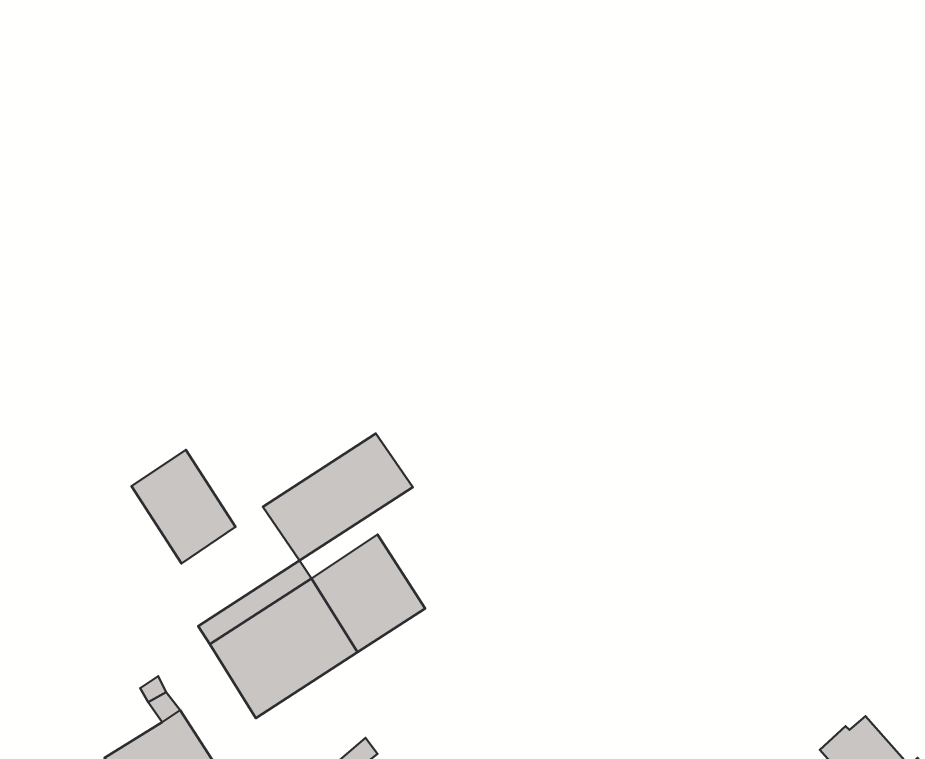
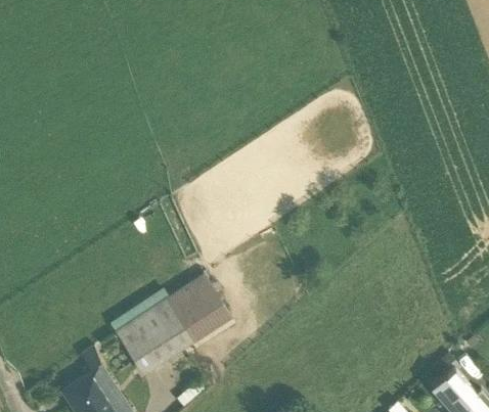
building: [263,434,413,561] -> none
building: [131,450,236,563] -> none

